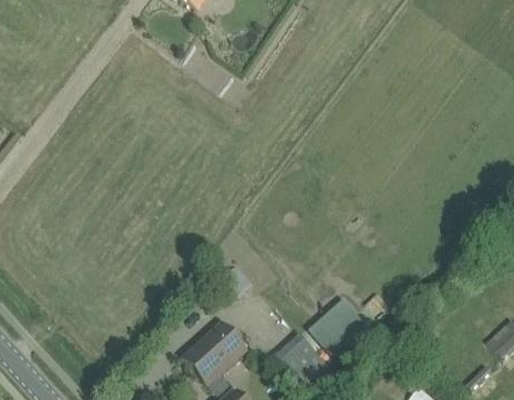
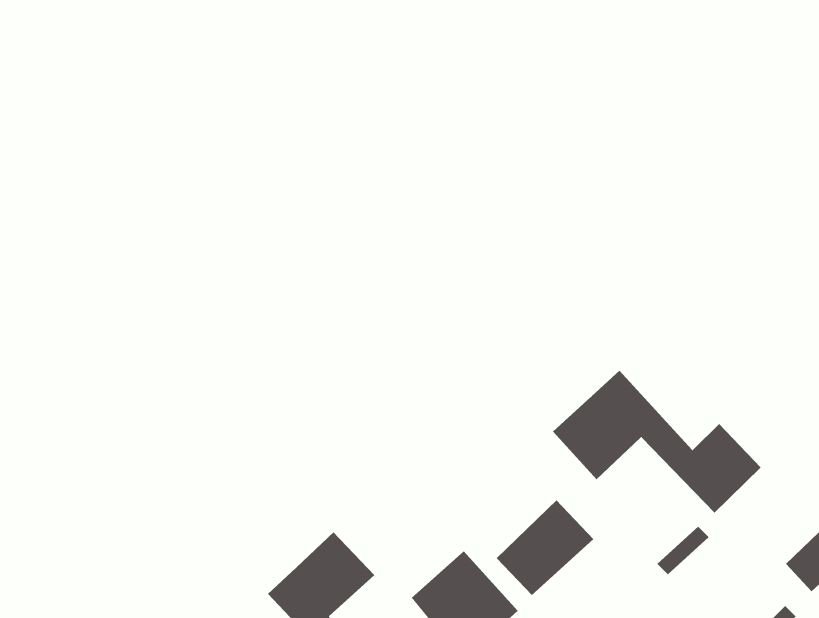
building: none -> [552,370,761,514]

